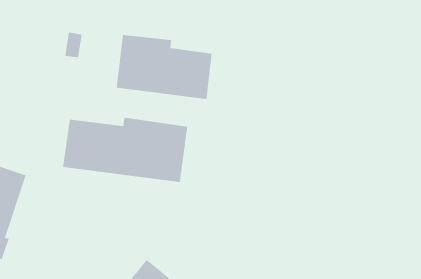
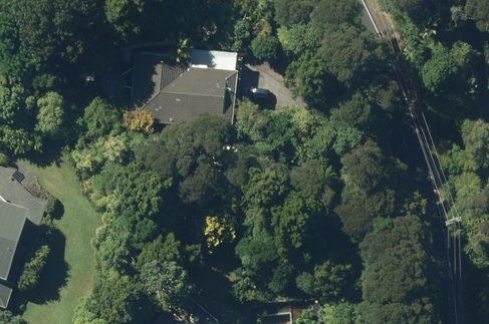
building: [62,117,188,183] -> none

